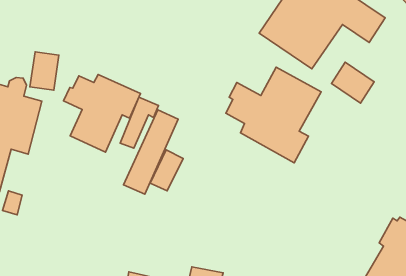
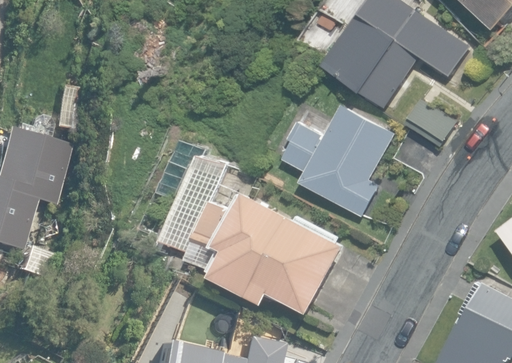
building: [63,74,141,152] -> none
building: none -> [210,192,342,313]

